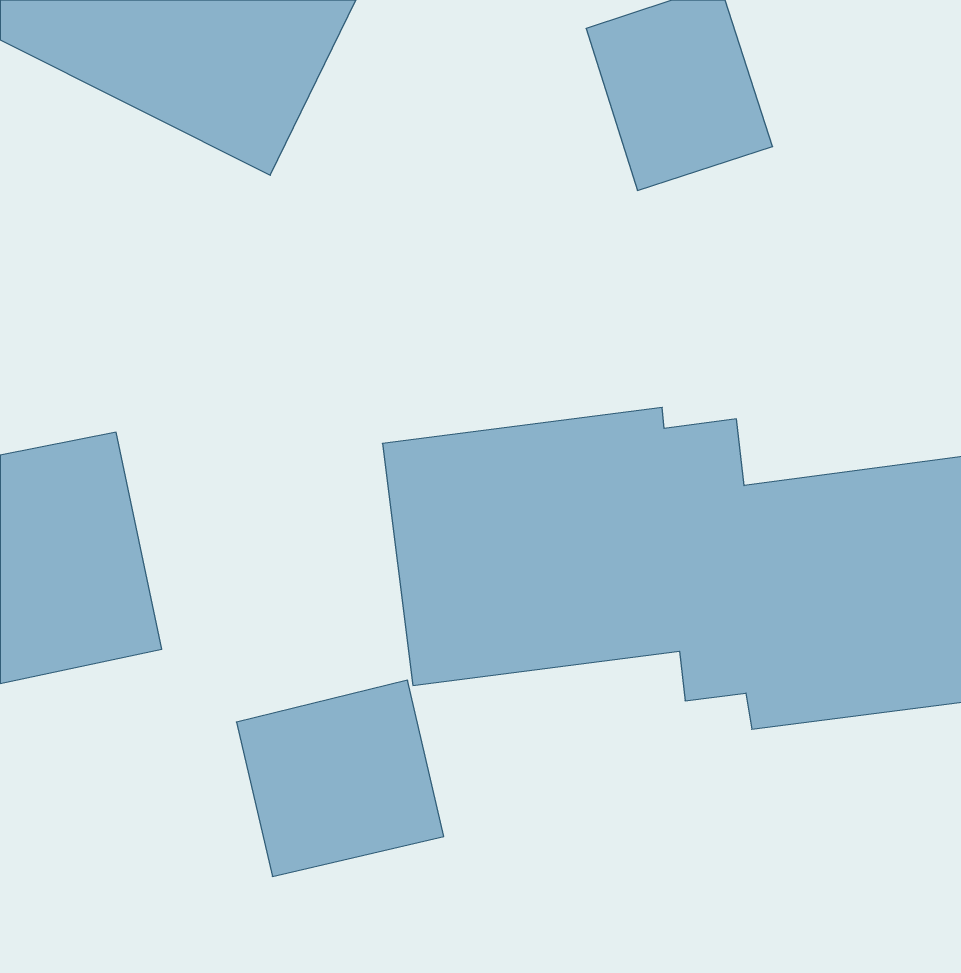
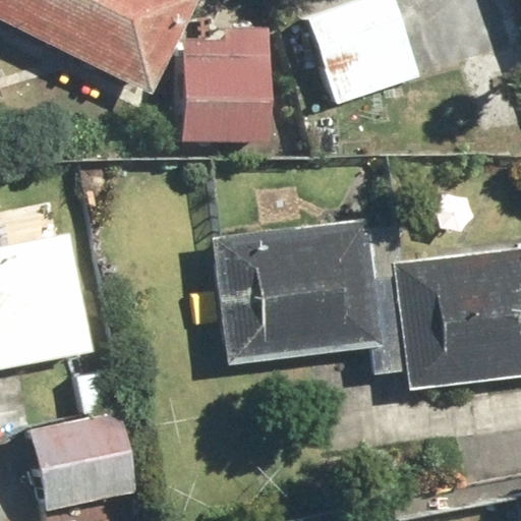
building: none -> [179,23,266,146]
building: [236,680,444,876] -> [28,407,139,512]

